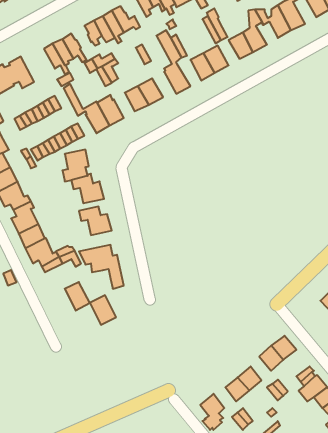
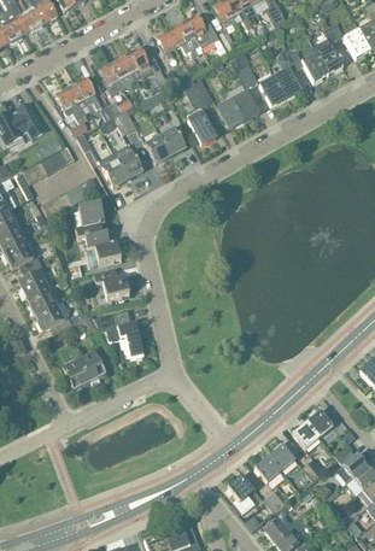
building: [90,295,116,325] -> [61,358,90,391]

